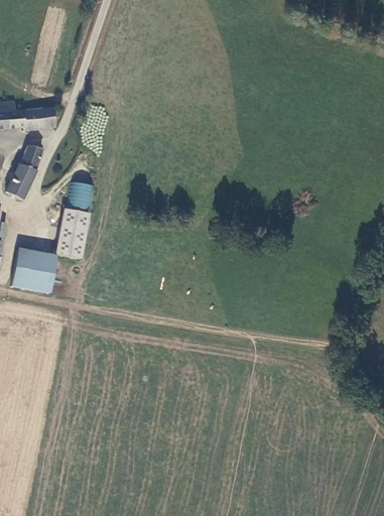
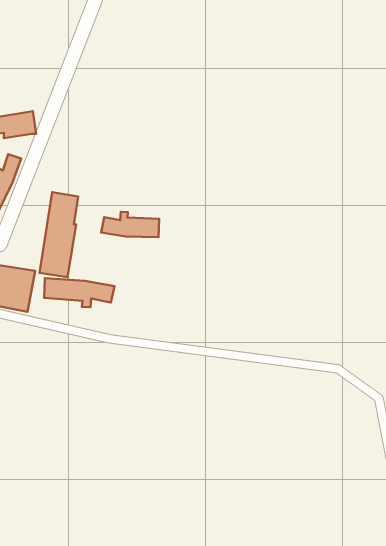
building: none -> [101,212,159,237]
building: none -> [44,278,114,307]

